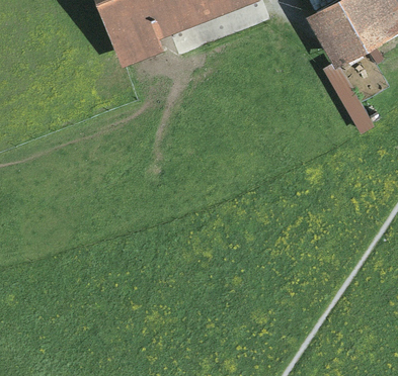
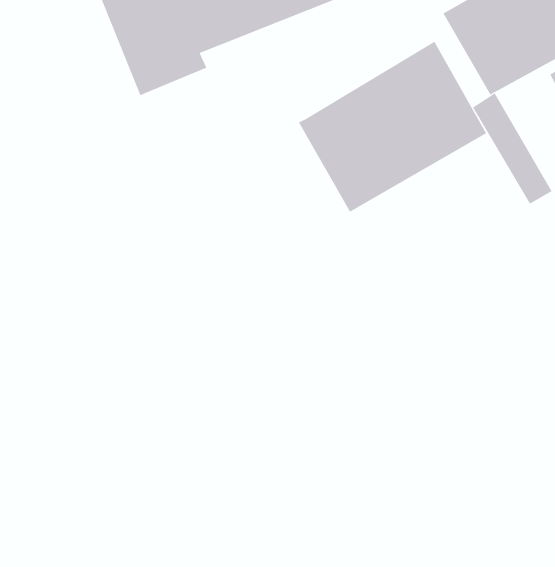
building: none -> [298,41,487,212]

